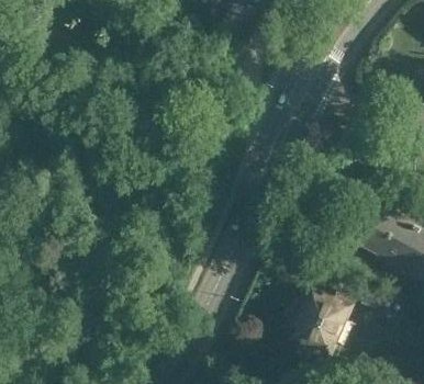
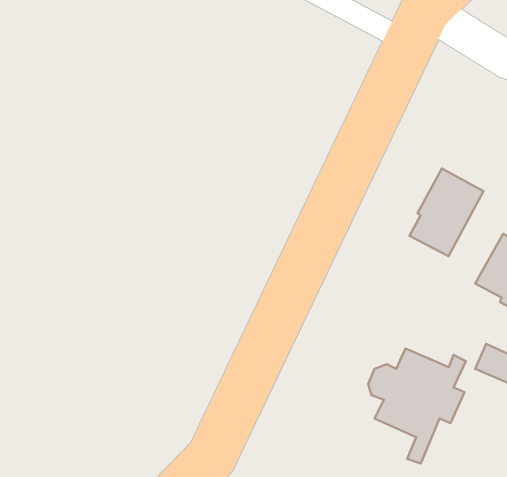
building: none -> [409,169,484,256]

